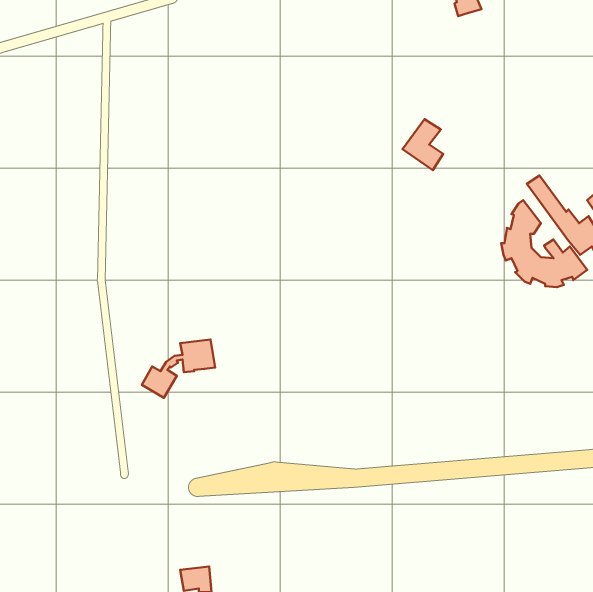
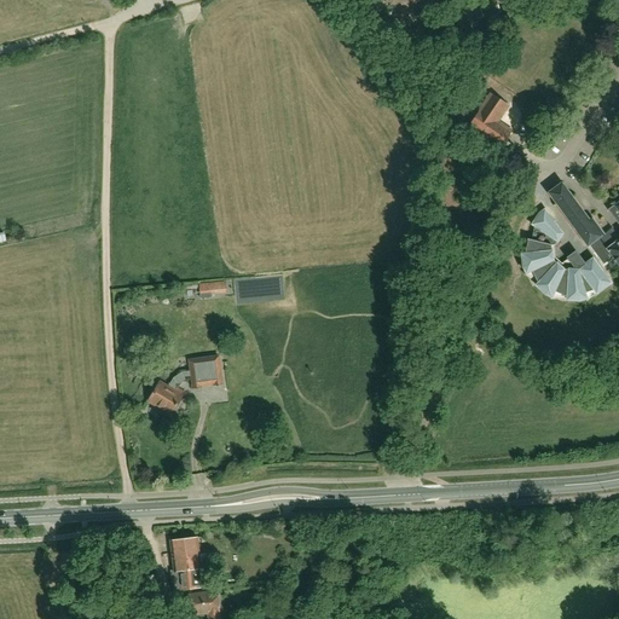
building: [402,119,443,170] -> [469,93,511,146]
building: none -> [170,536,209,589]

